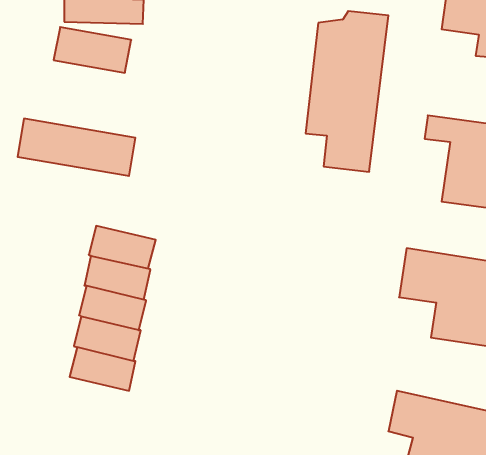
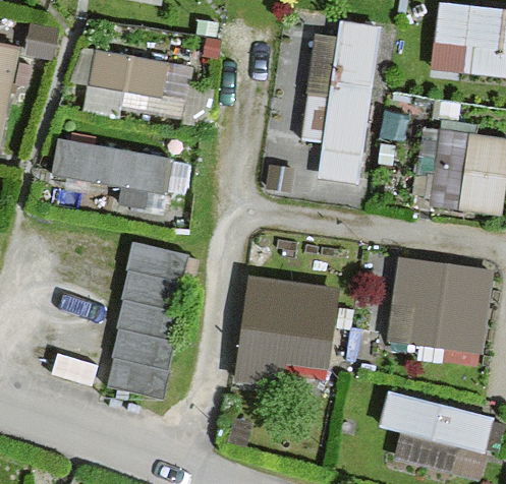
building: none -> [254,279,361,383]

